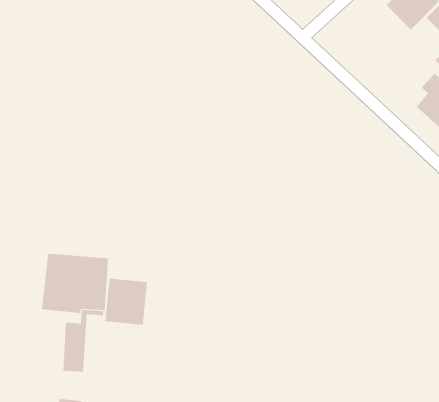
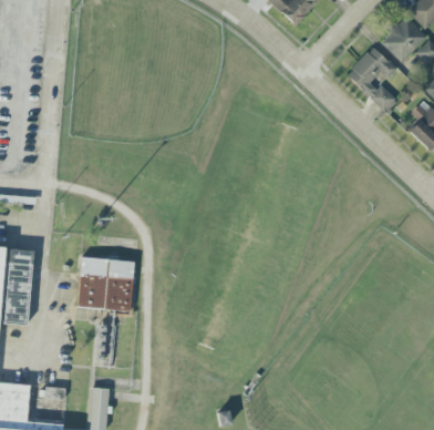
building: none -> [345,44,396,112]
building: [105,278,147,326] -> none

